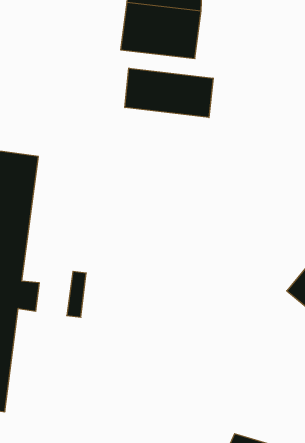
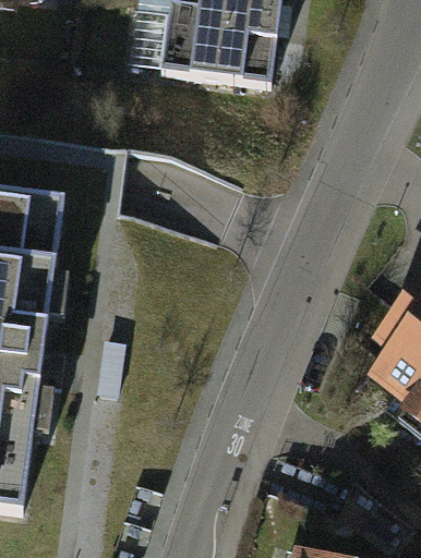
building: [125,68,213,118] -> none

